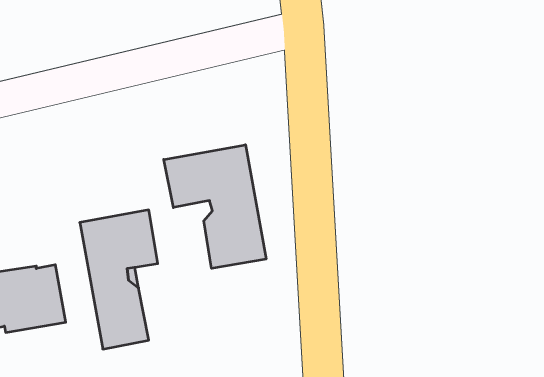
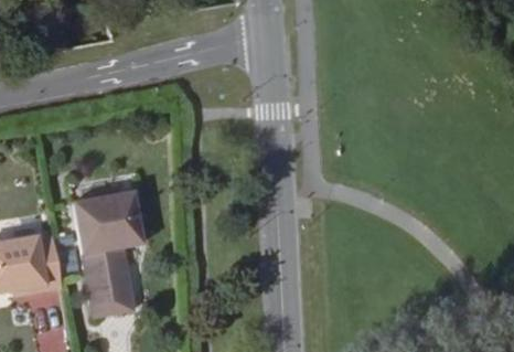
building: [164,145,266,268] -> none

